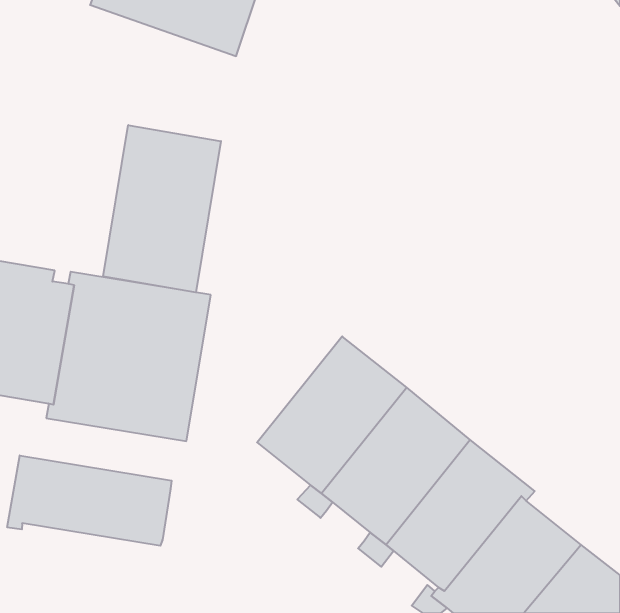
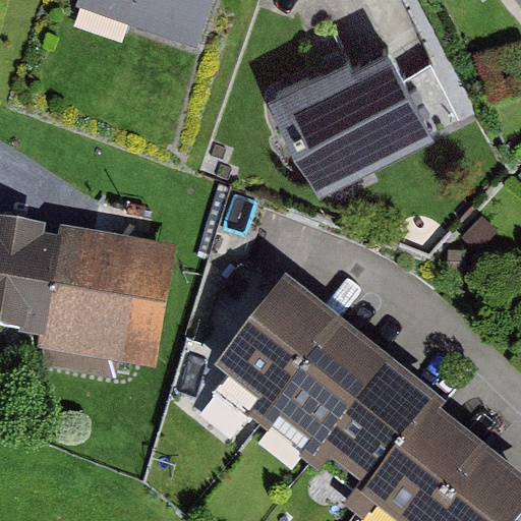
building: none -> [268,37,433,185]
building: [103,125,221,292] -> none
building: [7,455,172,546] -> none

